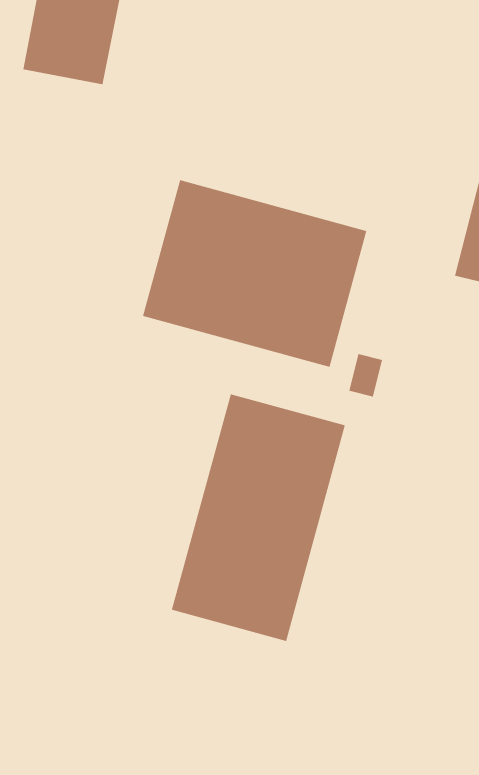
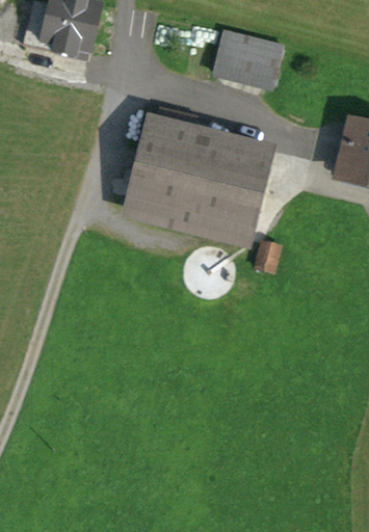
building: none -> [214,27,285,86]
building: [171,393,346,642] -> none

